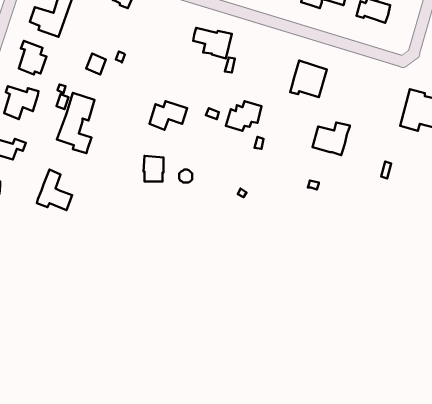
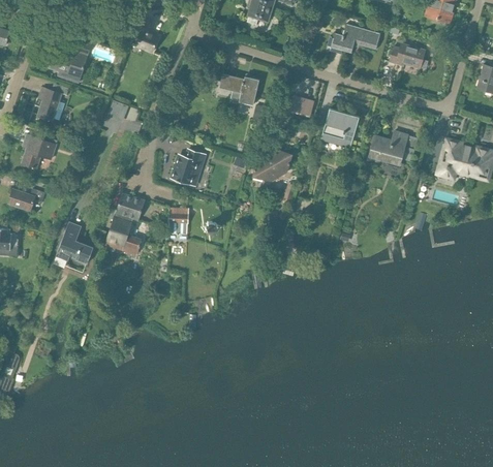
building: none -> [288,95,314,118]
building: [57,93,95,153] -> [105,192,145,255]
building: [312,123,350,155] -> [369,131,408,165]

